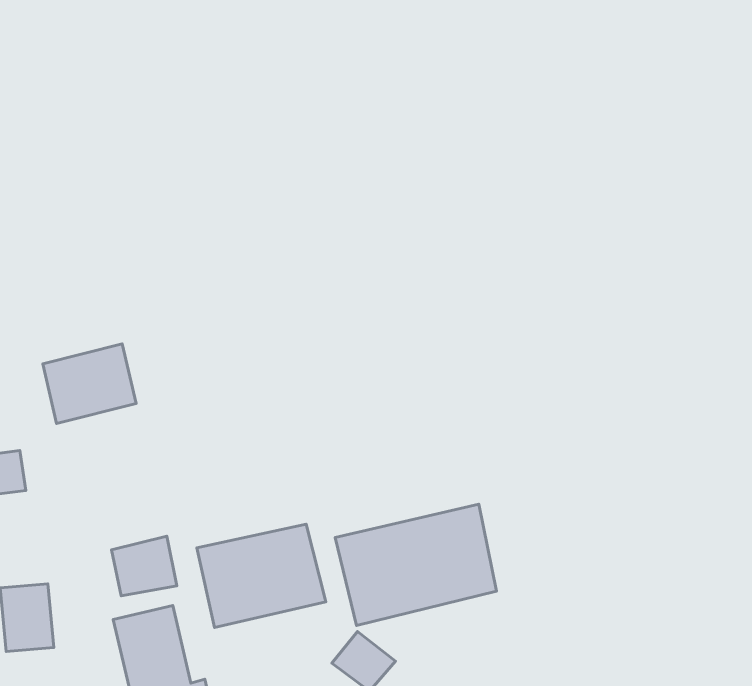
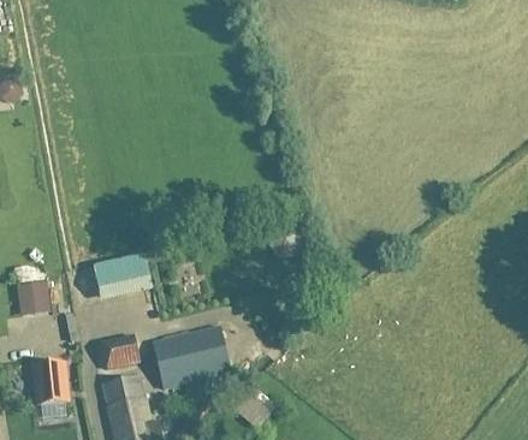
building: [43,344,136,423] -> [93,254,149,302]
building: [335,504,497,625] -> none

